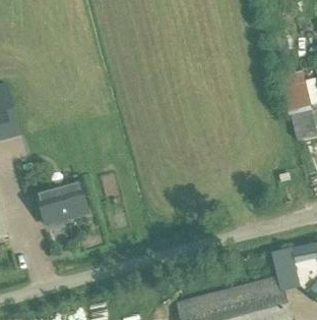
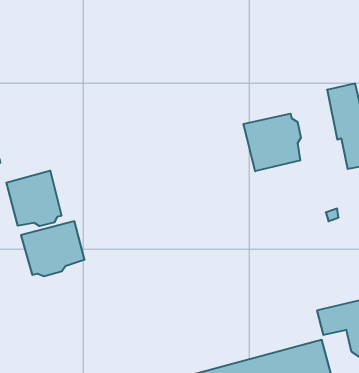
building: none -> [244,114,301,171]
building: none -> [6,171,61,226]

